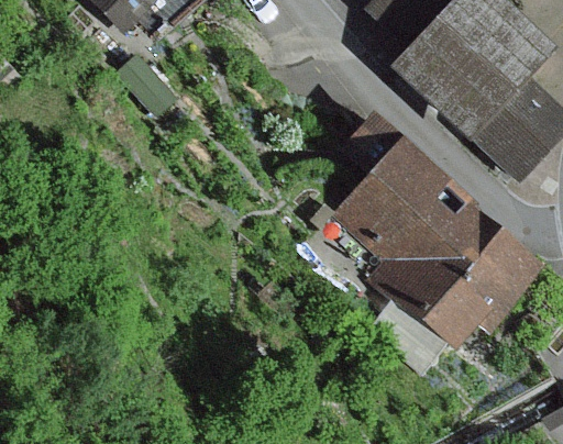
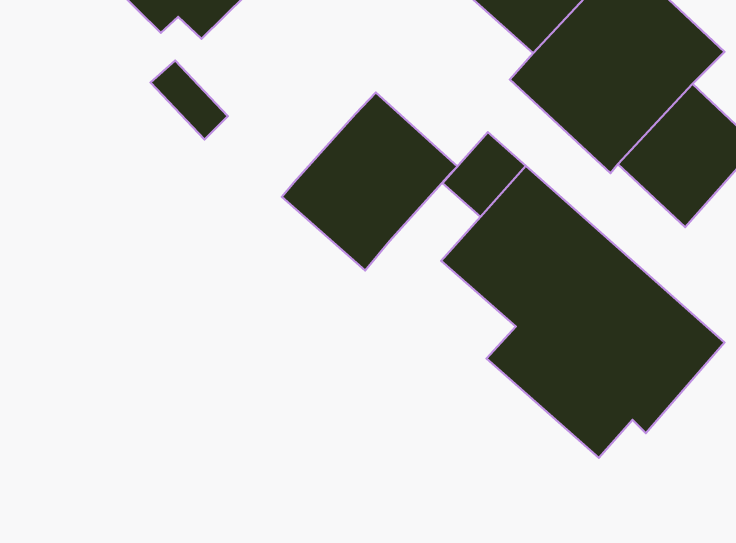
building: none -> [282,92,458,270]

